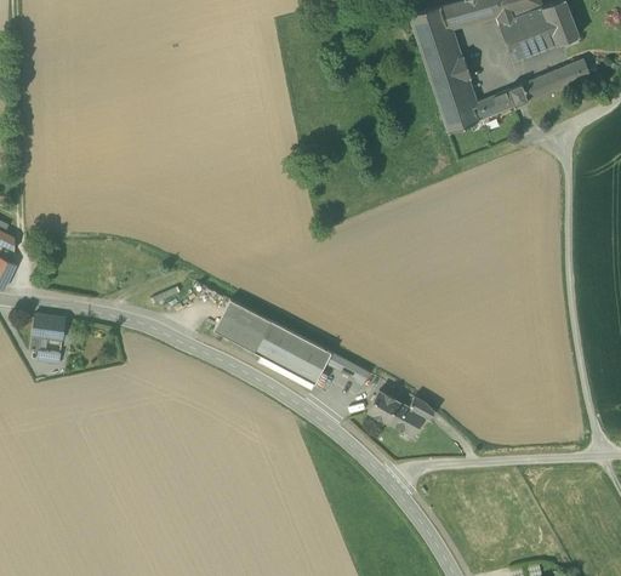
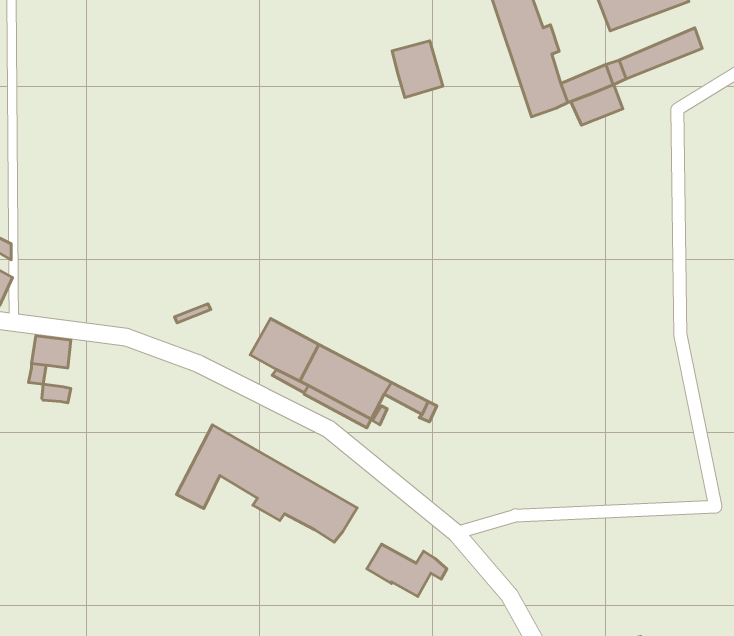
building: none -> [392,41,443,97]
building: none -> [571,85,623,125]
building: none -> [176,425,357,542]
building: [369,390,435,434] -> [367,544,447,597]

